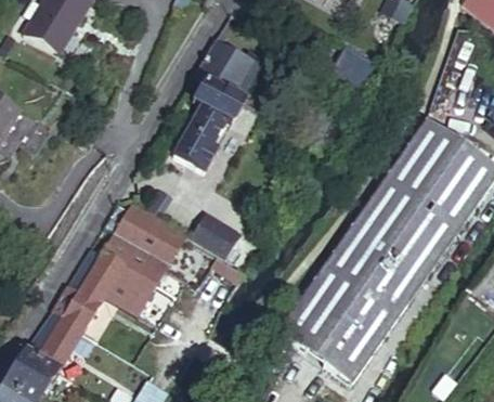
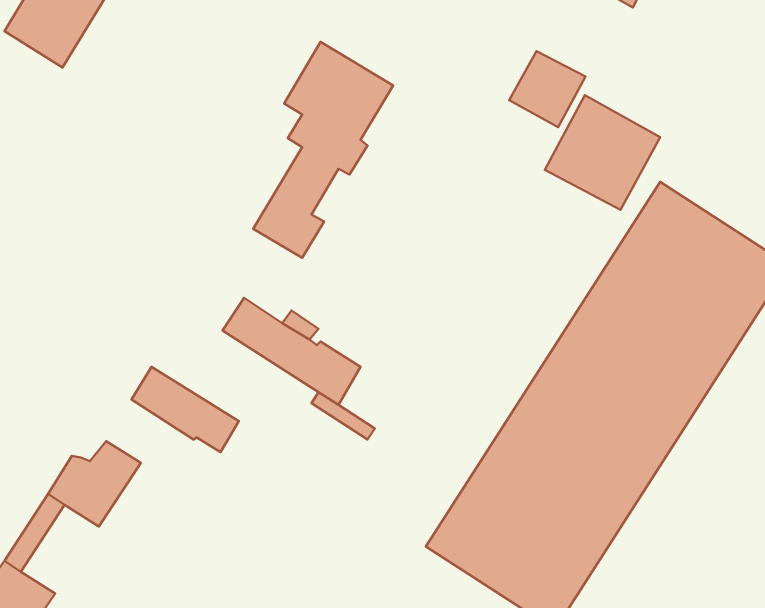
building: none -> [545,95,660,210]
building: [114,197,188,264] -> none
building: [89,251,157,312] -> none
building: [38,314,84,367] -> none

